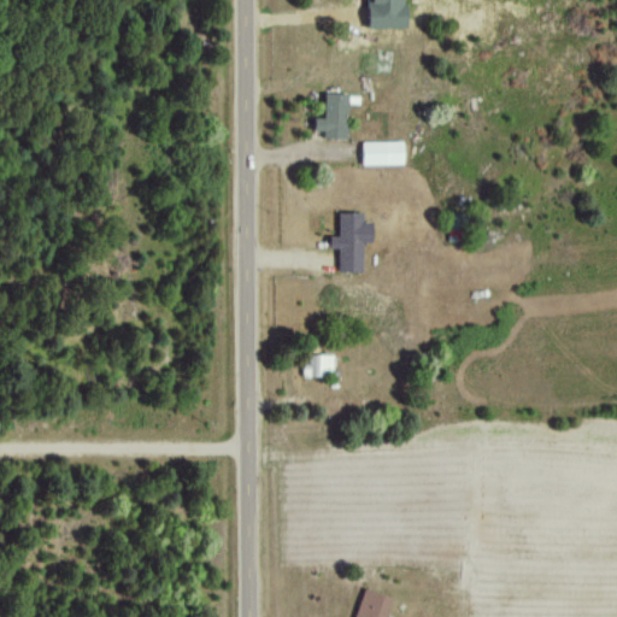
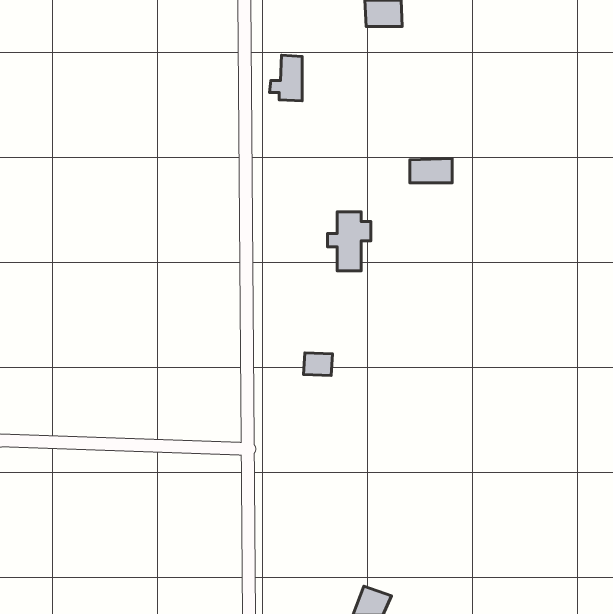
building: [315,93,347,139] -> [270,55,302,101]
building: [363,141,405,165] -> [410,159,452,183]

